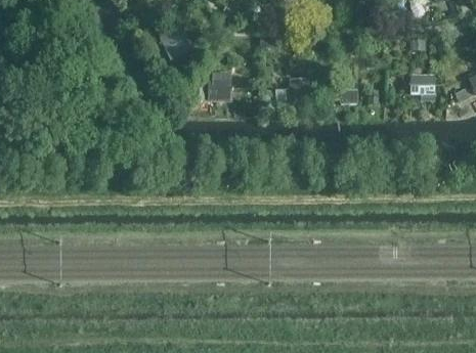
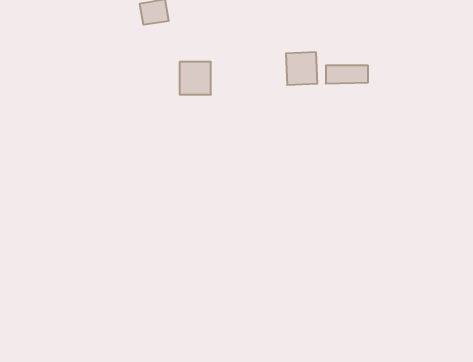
building: [413,74,438,102] -> none

